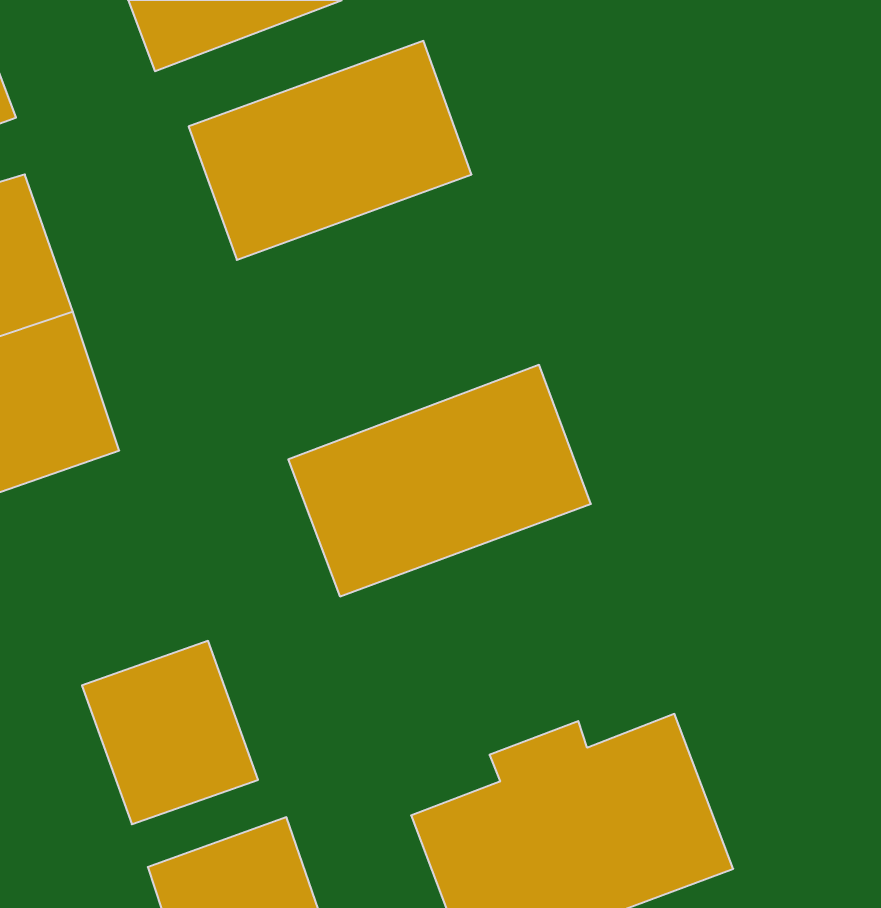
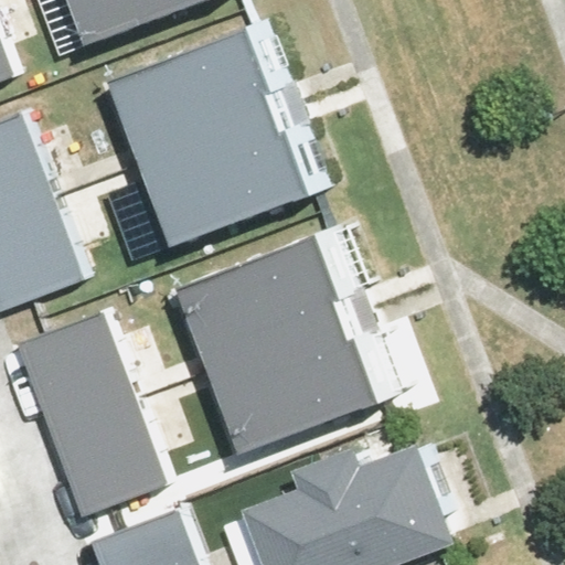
building: none -> [147,109,322,244]
building: none -> [20,312,129,426]
building: none -> [211,313,398,457]

